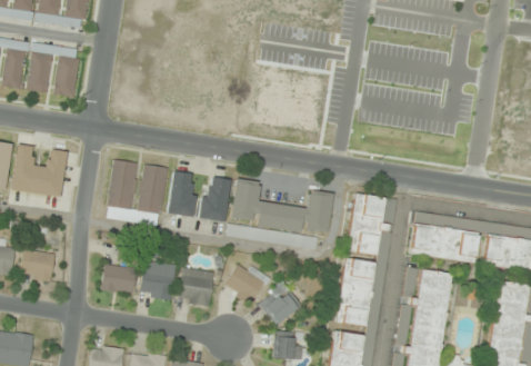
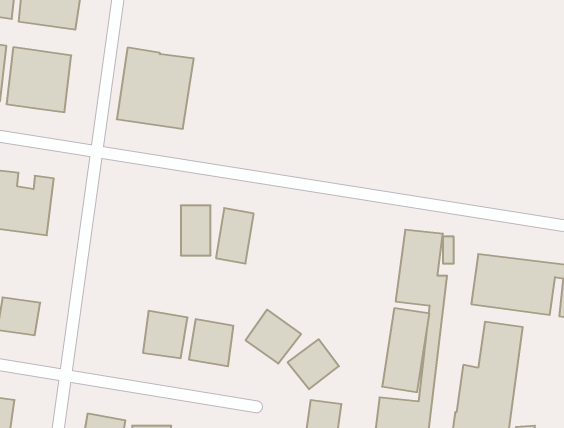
building: [104,159,168,226] -> [117,48,194,129]
building: [230,179,333,248] -> none
building: [101,265,136,293] -> none

